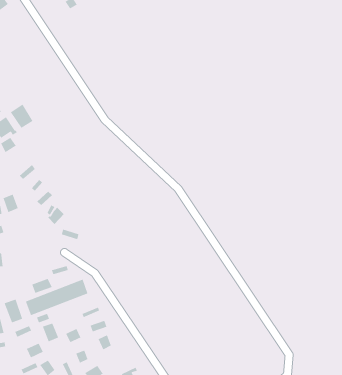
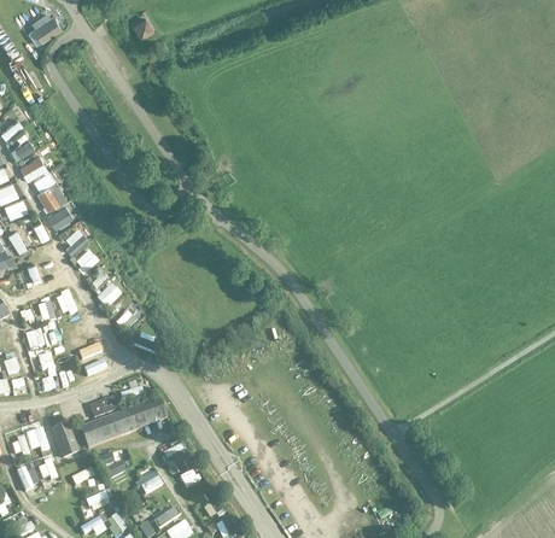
building: [10,104,33,129] -> none

